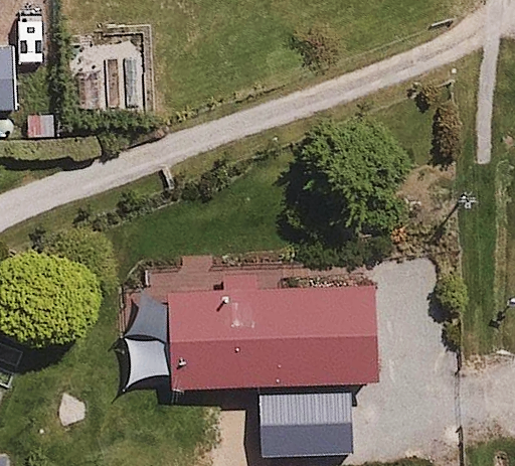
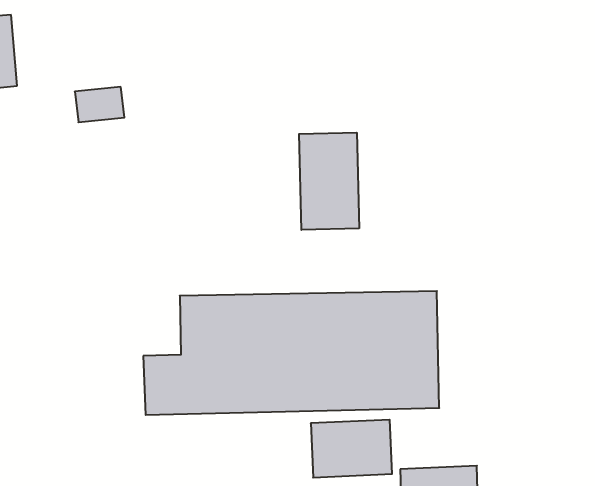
building: none -> [299,133,359,230]

